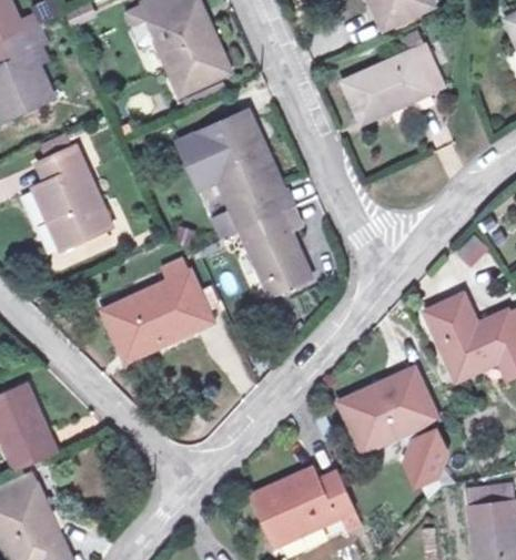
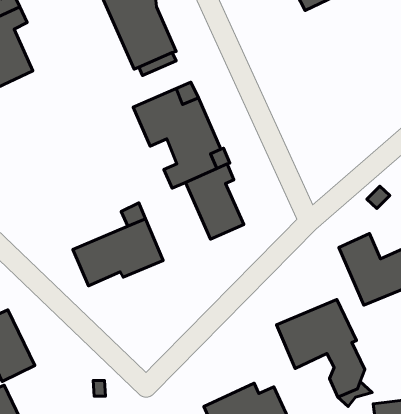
building: [342,44,429,119] -> none
building: [33,132,111,246] -> none

